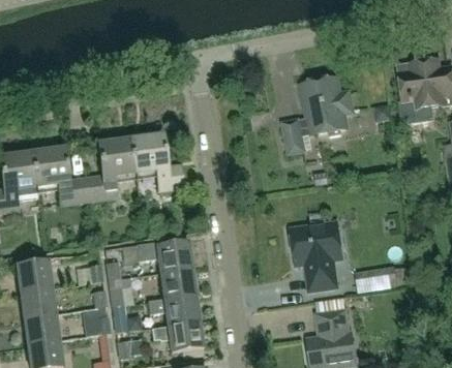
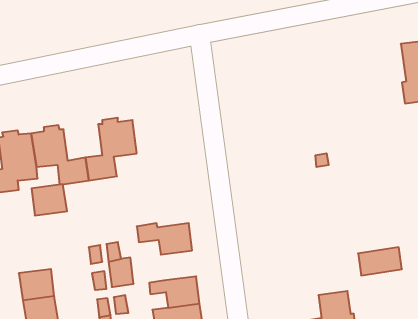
building: [283,74,352,152] -> none
building: [132,131,184,190] -> none
building: [292,221,341,289] -> none
building: [17,260,52,292] -> [32,184,67,215]
building: [160,269,195,299] -> none

